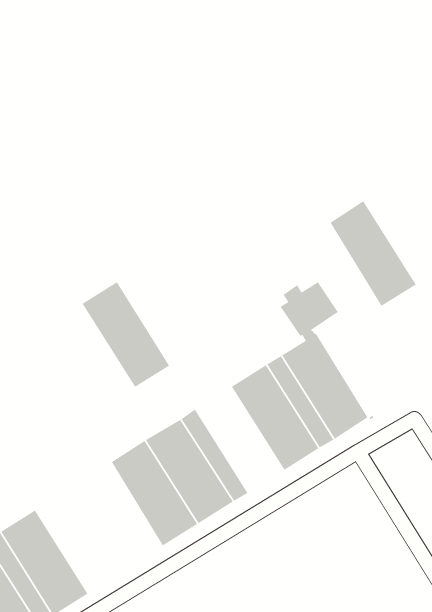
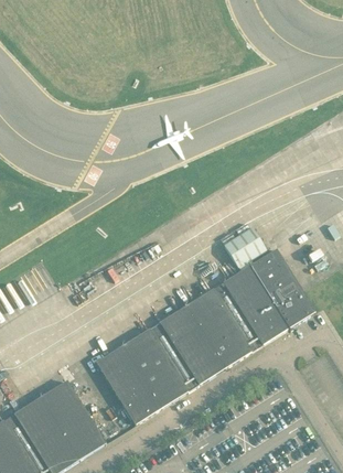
building: [329,200,417,307] -> [250,248,315,327]
building: [81,281,170,388] -> [160,304,226,384]
building: none -> [41,379,106,459]

